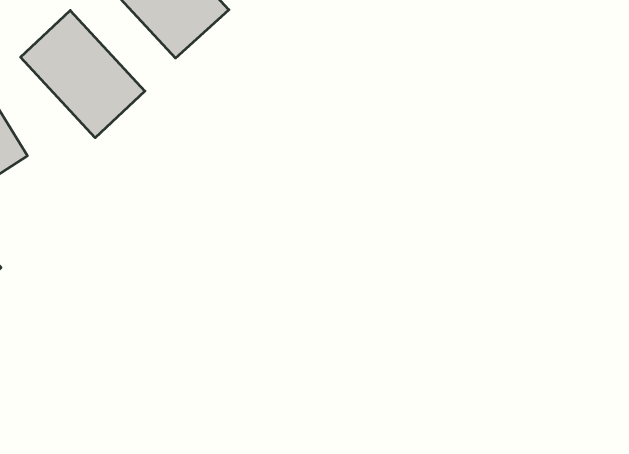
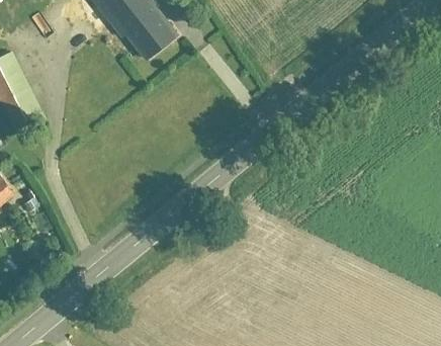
building: [21,10,145,138] -> none

